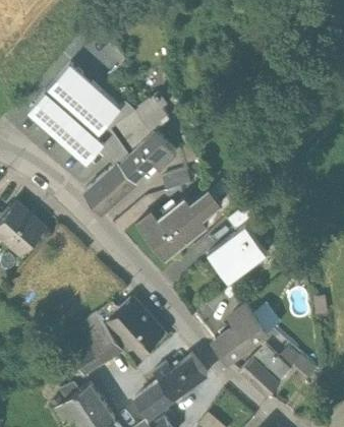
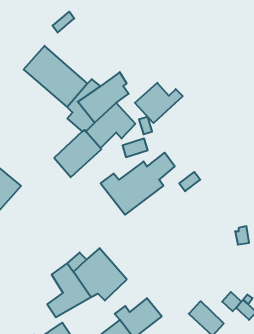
building: [28,90,103,161] -> none
building: none -> [135,83,183,123]
building: [207,229,265,285] -> none
building: [211,303,269,364] -> none
building: [252,348,289,384] -> none

